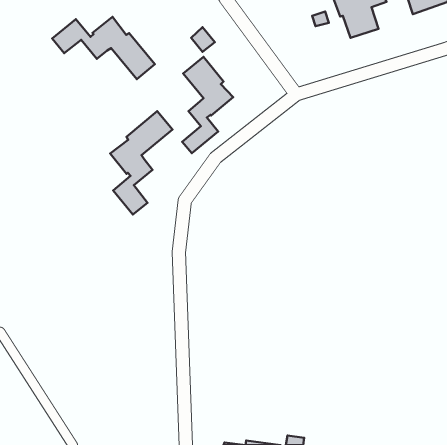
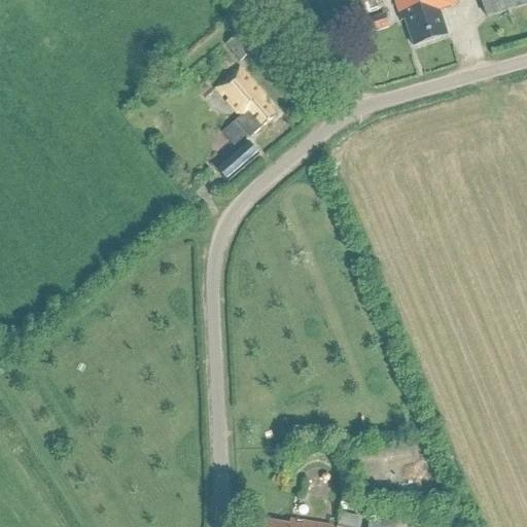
building: [52,17,155,79] -> none
building: [110,111,172,215] -> none

